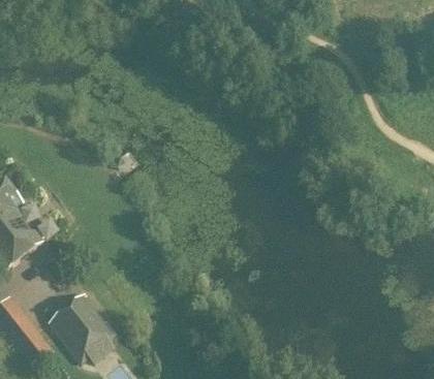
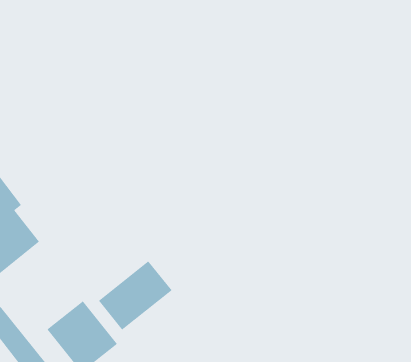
building: none -> [98,261,172,330]

